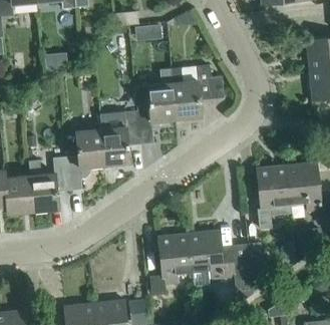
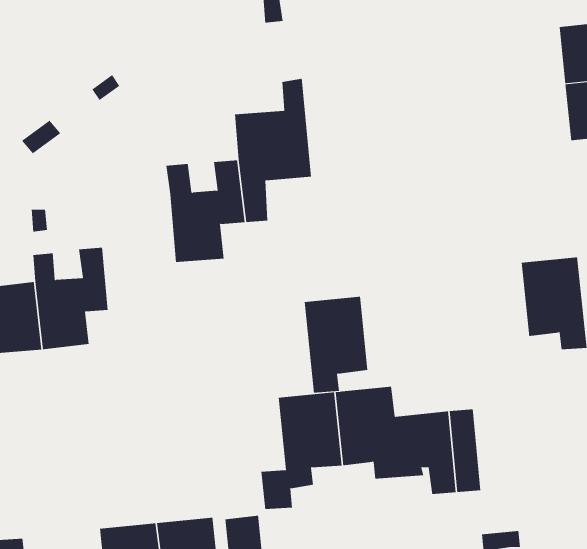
building: [171,65,212,120] -> none
building: [64,129,103,191] -> none
building: [256,166,290,217] -> [304,296,368,393]

